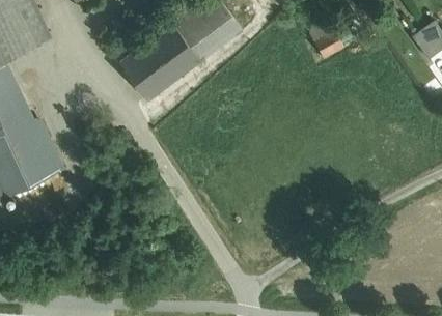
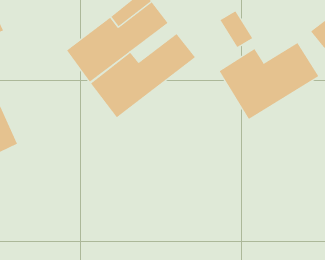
building: none -> [90,33,196,118]
building: none -> [219,42,319,120]

